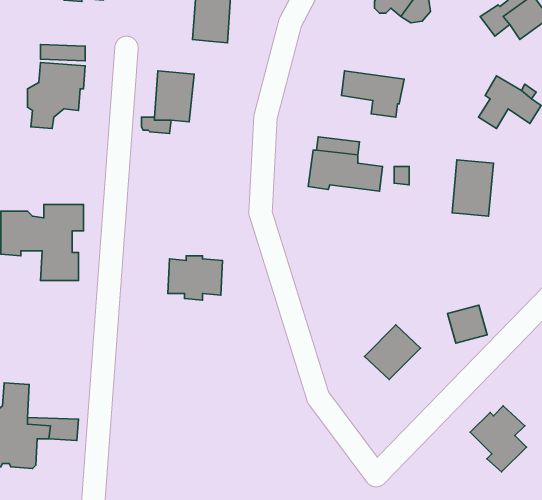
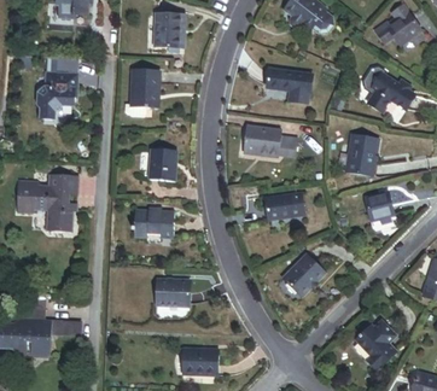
building: none -> [147,147,175,179]
building: none -> [264,196,303,222]
building: [447,305,487,343] -> [365,192,394,220]
building: none -> [161,278,193,304]
building: none -> [175,345,218,373]

